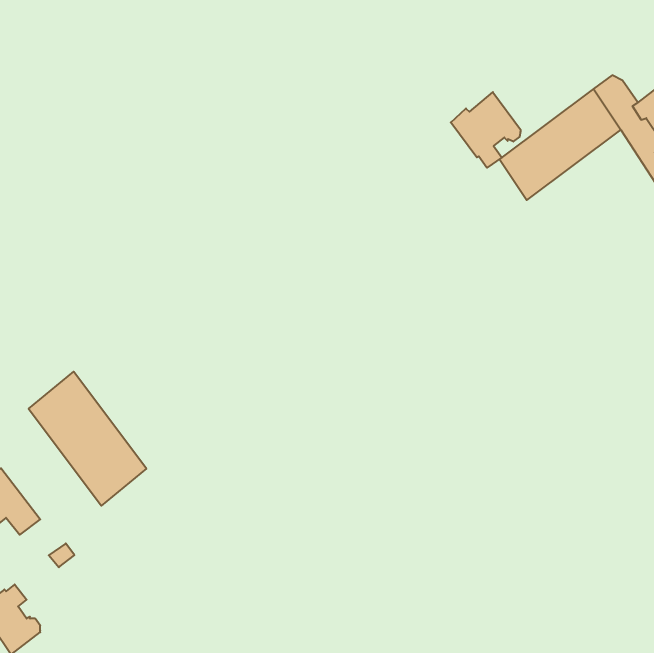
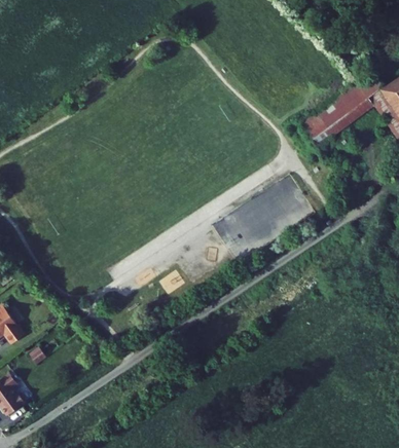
building: [451,92,521,168] -> none
building: [29,372,146,506] -> none

